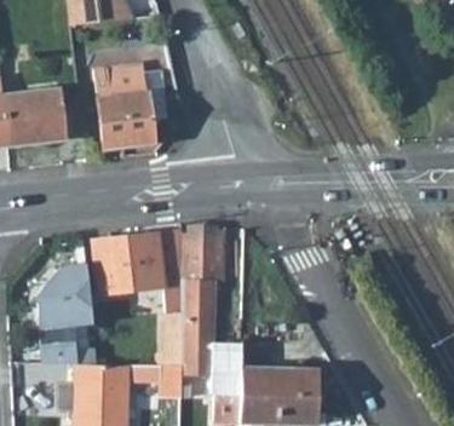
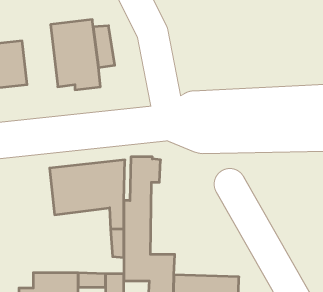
building: [40,264,97,364] -> none

